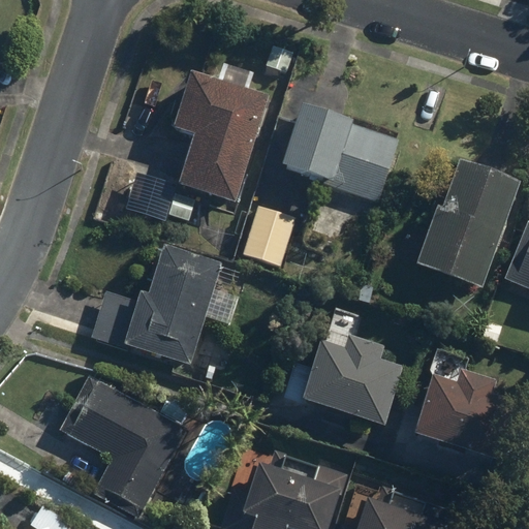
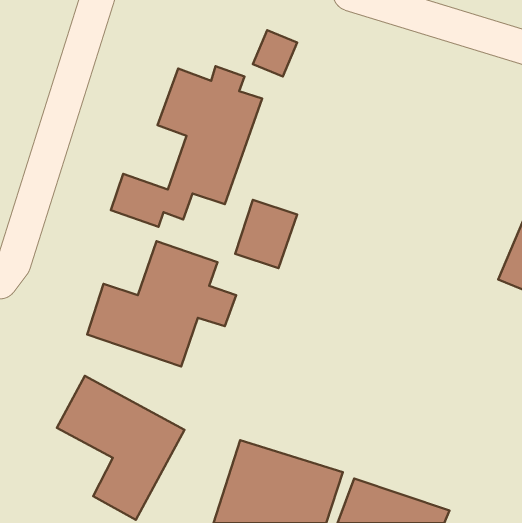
building: [273,107,402,205] -> none
building: [413,166,518,290] -> none
building: [297,331,404,428] -> none
building: [406,365,524,464] -> none

